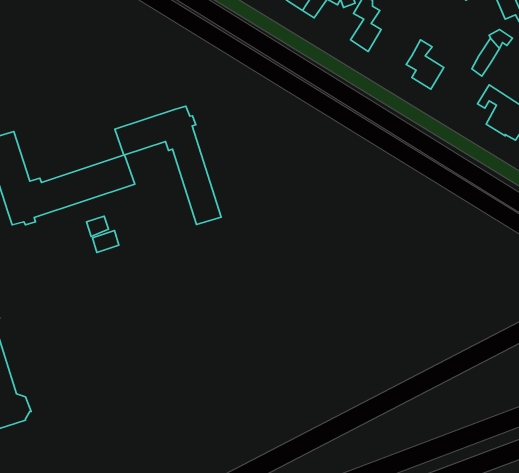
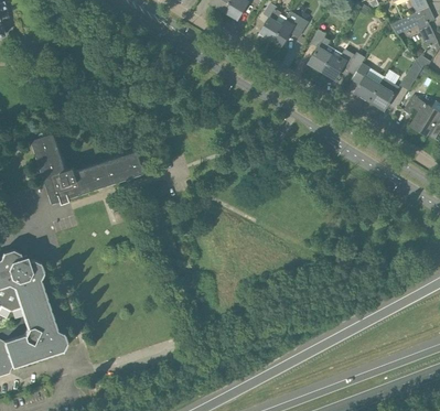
building: none -> [322,50,365,79]
building: none -> [369,77,399,110]
building: [115,106,221,225] -> none

